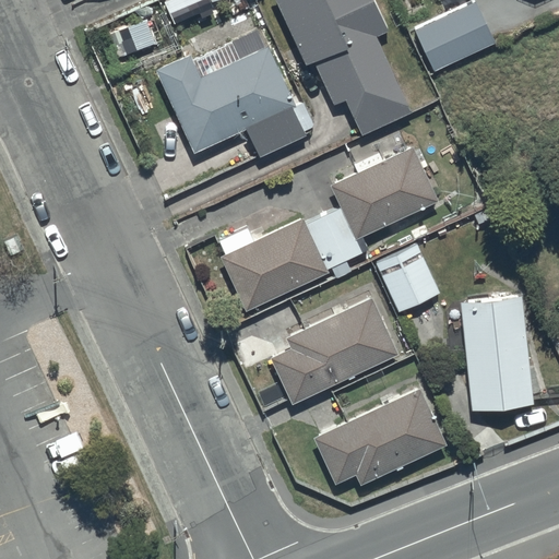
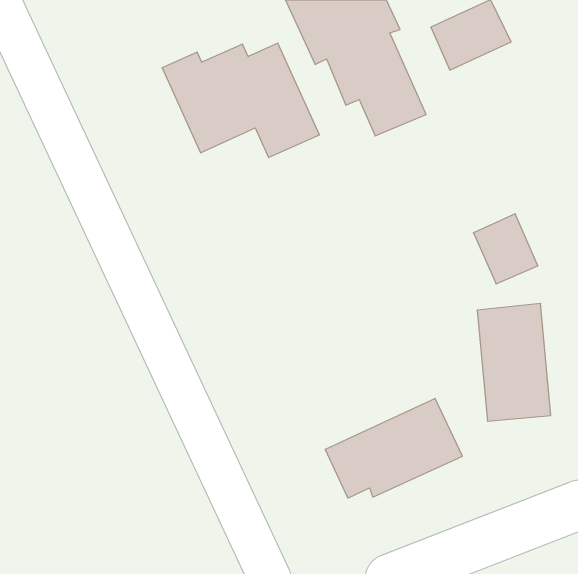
building: [219,148,438,310] -> none
building: [377,245,439,312] -> [473,214,538,284]
building: [272,300,397,403] -> none

